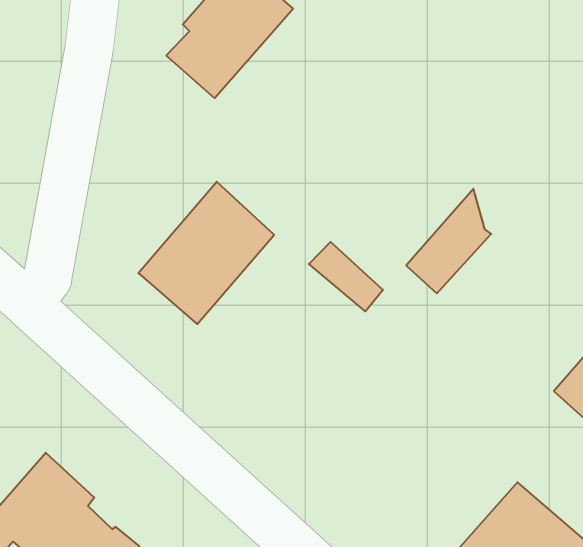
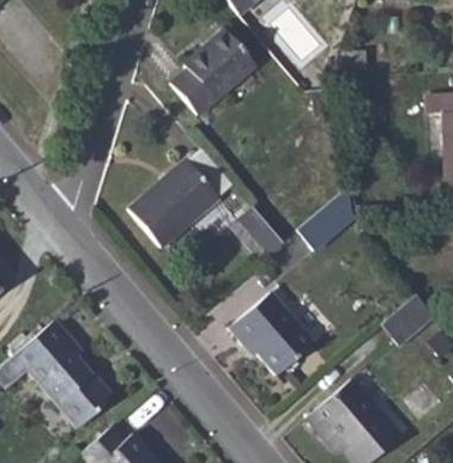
building: none -> [229,296,310,374]

